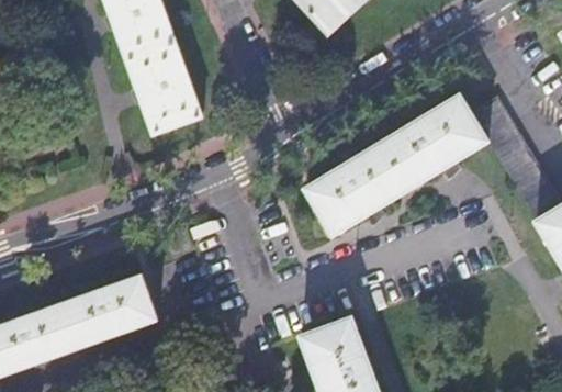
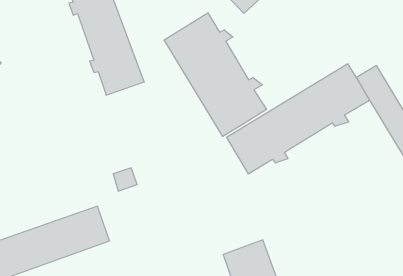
building: none -> [164,13,266,136]

